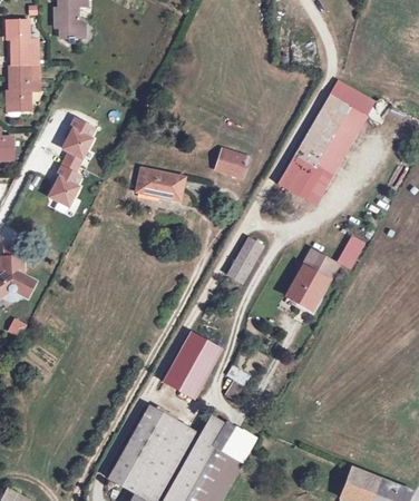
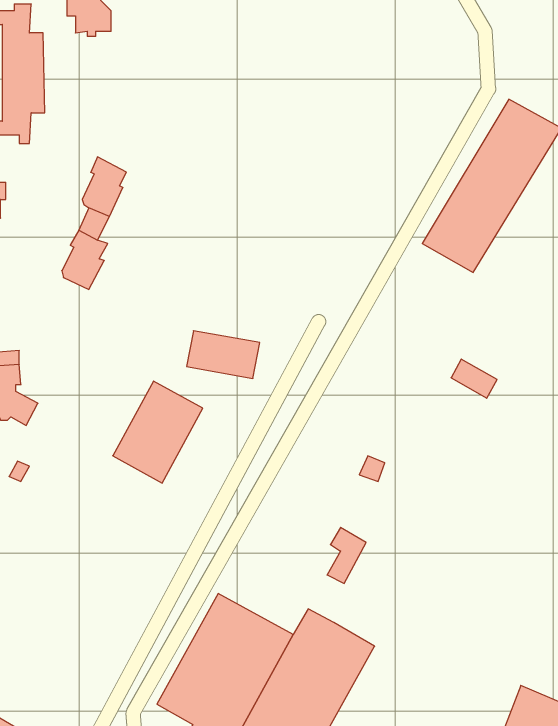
building: [213,148,246,176] -> none
building: [134,169,182,200] -> [187,331,260,378]
building: [335,233,364,268] -> none
building: [230,236,269,284] -> none
building: [288,265,328,306] -> none
building: [163,332,222,399] -> [113,381,203,483]

